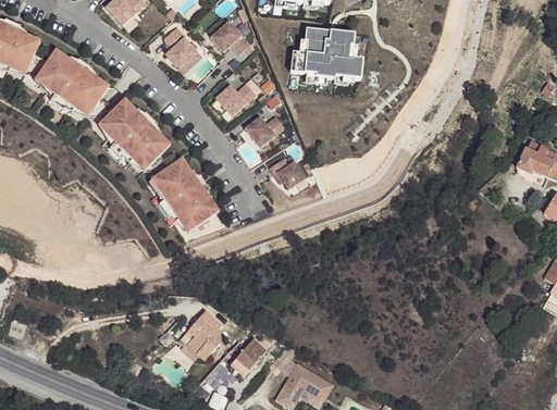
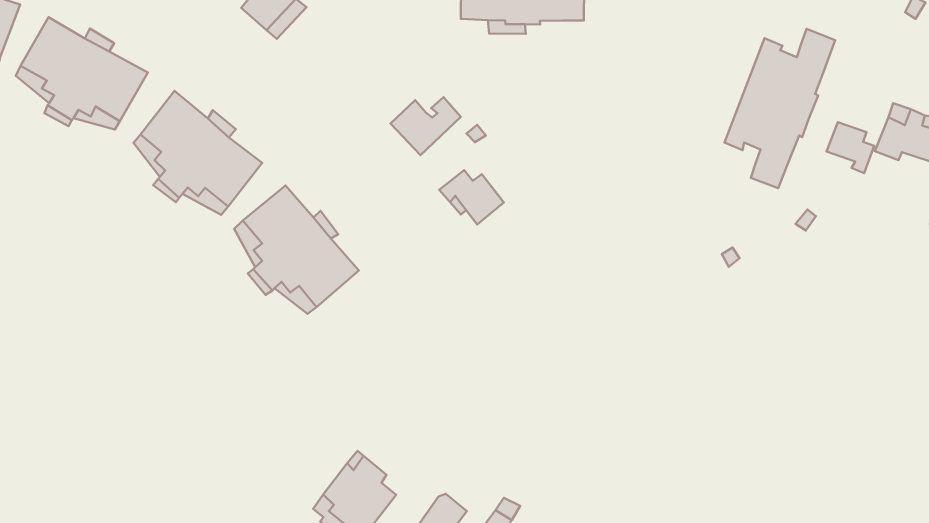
building: [215,76,261,114] -> none
building: none -> [725,29,835,188]
building: none -> [827,122,874,173]

